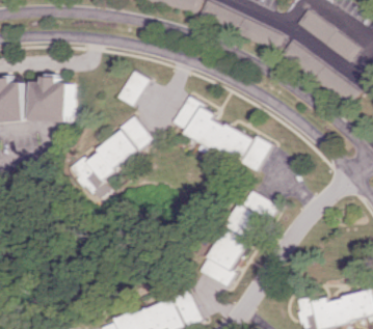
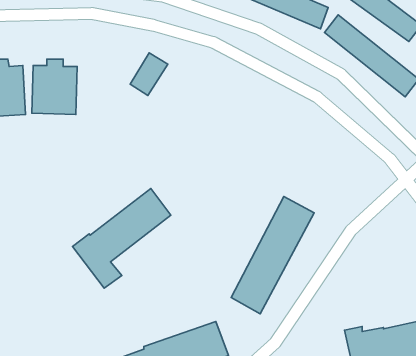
building: [172,97,268,169] -> none
building: [74,118,155,200] -> [73,189,171,288]

